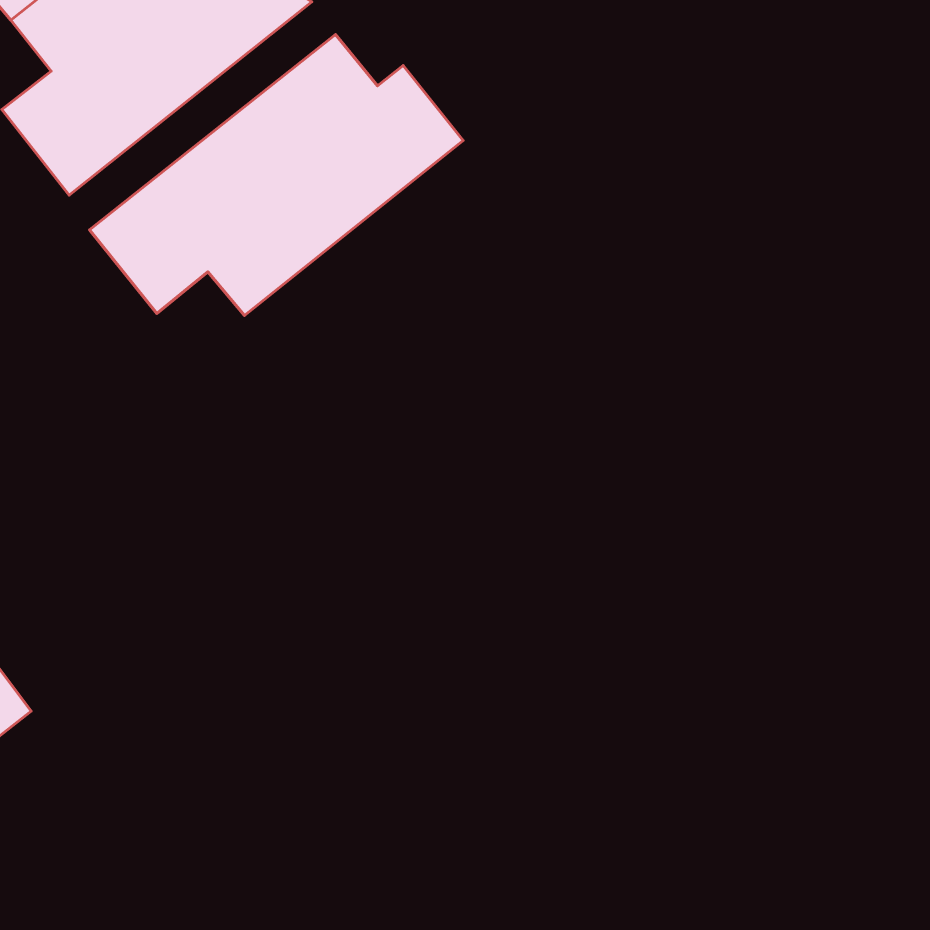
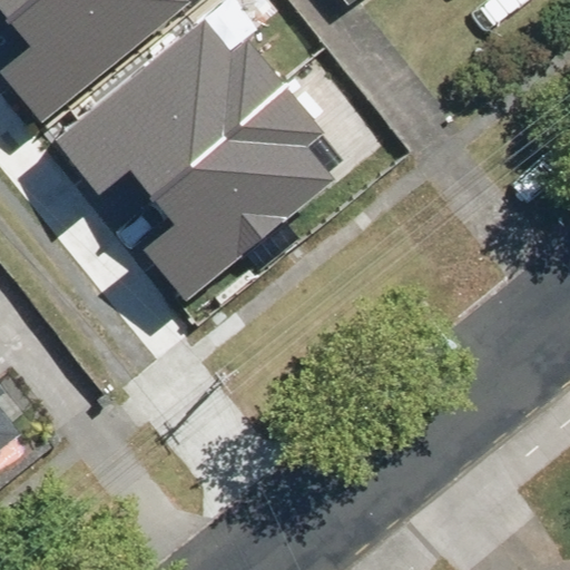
building: none -> [144,86,333,298]

